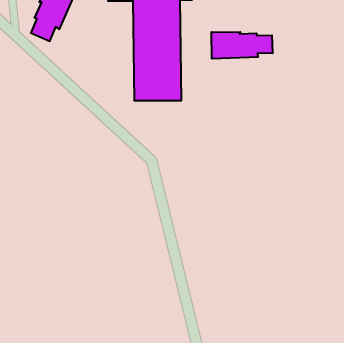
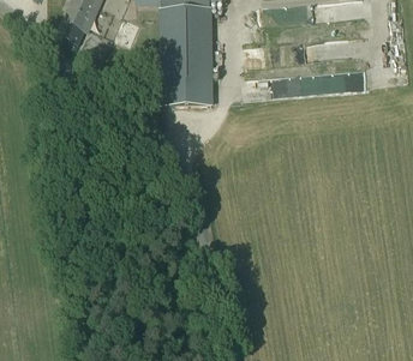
building: [211,32,273,59] -> none

